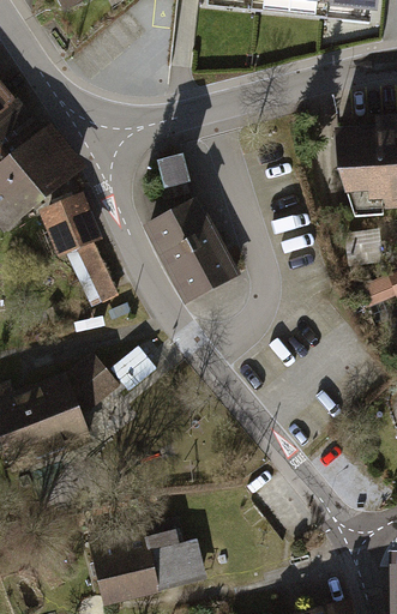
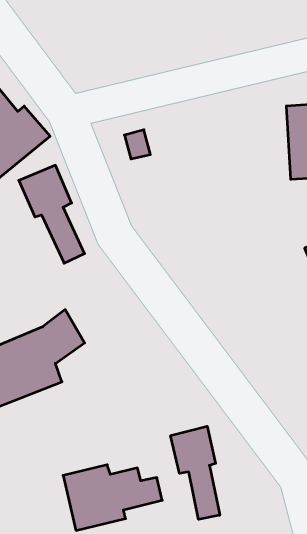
building: [150,203,235,299] -> none
building: none -> [171,426,220,519]

